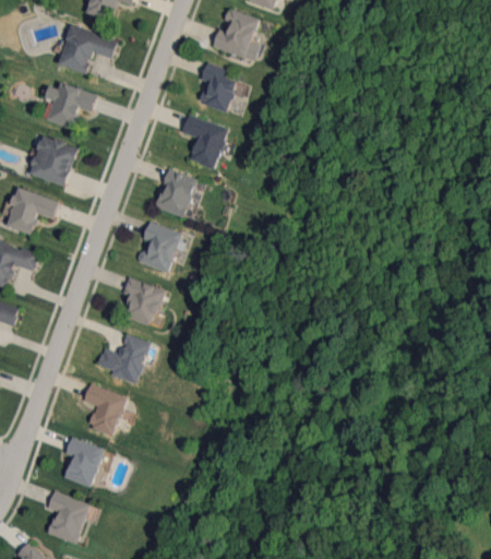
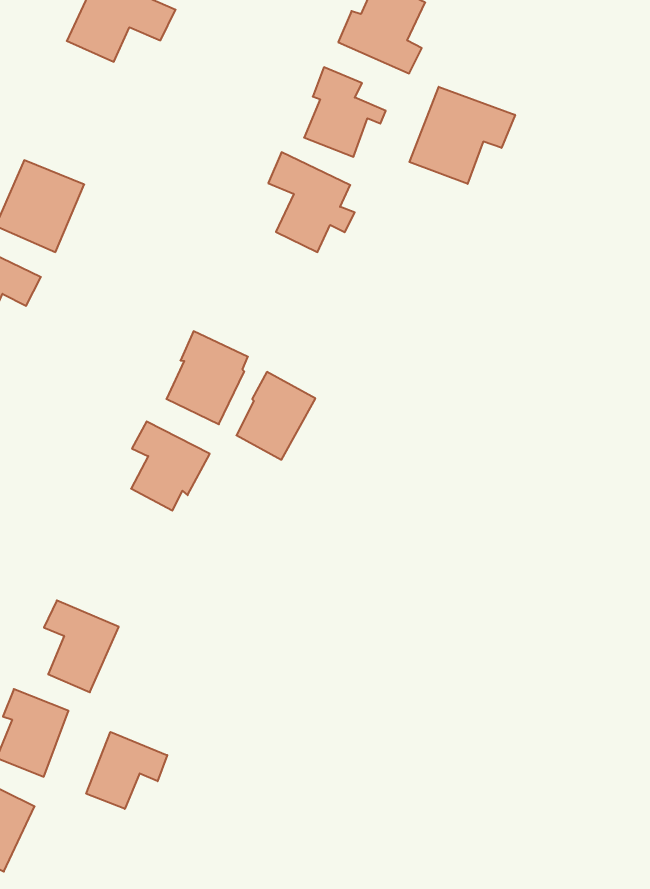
building: none -> [409,87,515,184]
building: [44,82,96,129] -> none
building: [155,168,197,217] -> [236,372,315,460]
building: [97,334,149,383] -> none
building: none -> [86,732,167,809]

